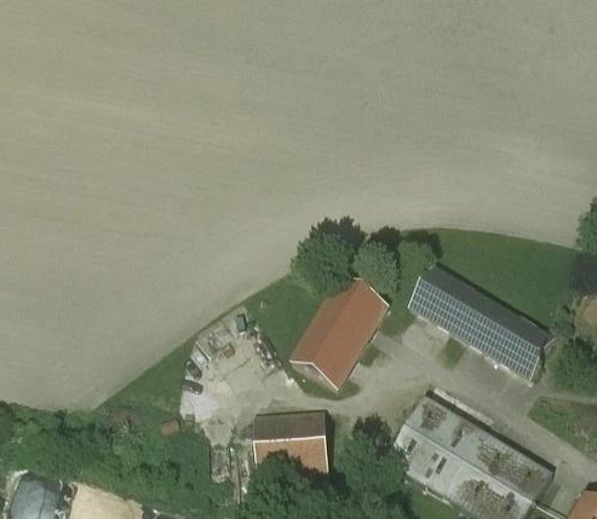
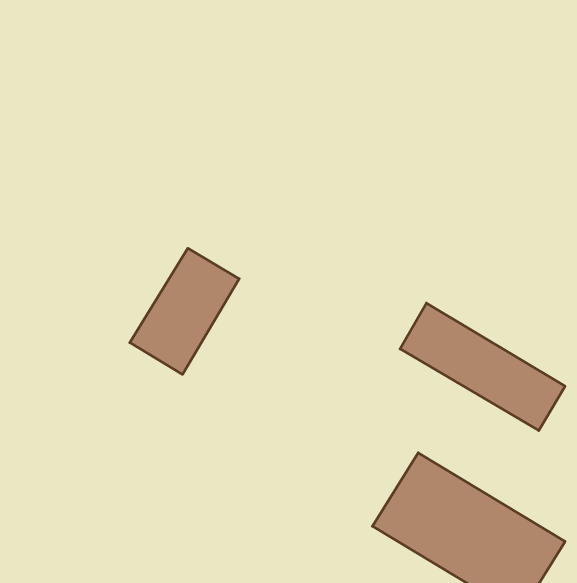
building: [291,277,386,387] -> [130,248,239,374]
building: [254,411,328,490] -> none

